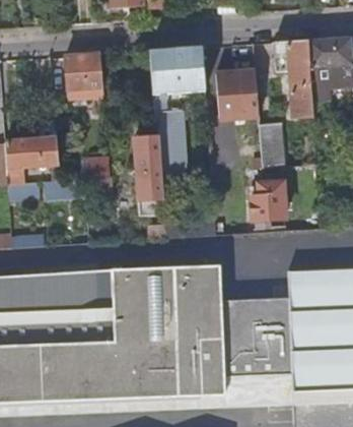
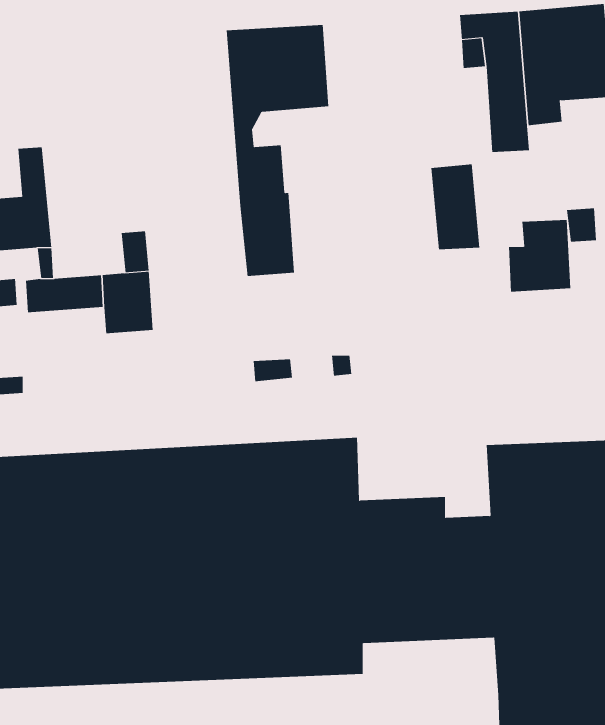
building: [65,54,103,100] -> none
building: [215,70,258,111] -> none
building: [136,143,164,222] -> none
building: [253,181,286,220] -> [508,220,571,292]
building: [223,373,294,407] -> none

